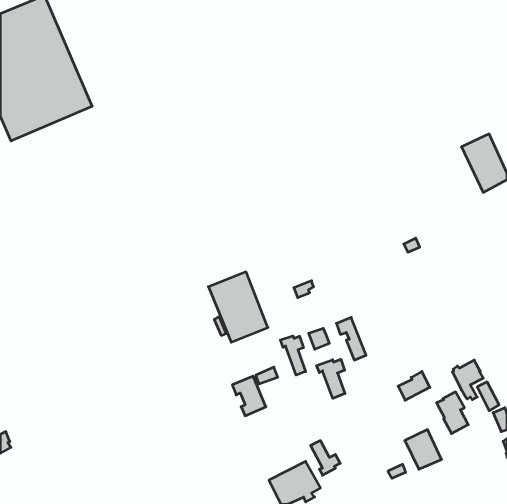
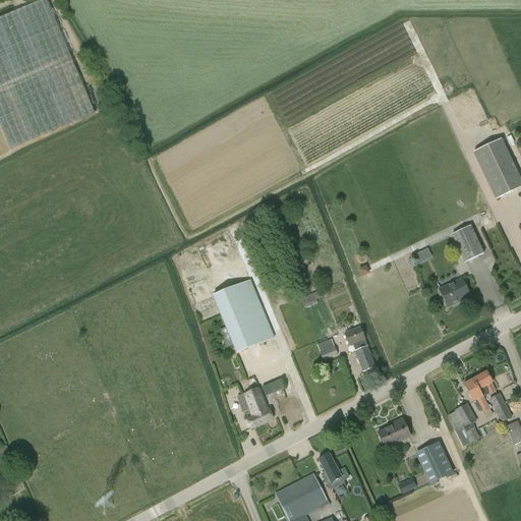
building: none -> [452,224,483,259]
building: none -> [440,277,469,305]
building: [280,336,306,375] -> none
building: [317,359,345,398] -> none
building: [398,371,430,400] -> [378,417,410,447]

